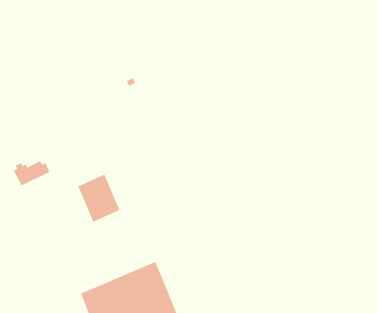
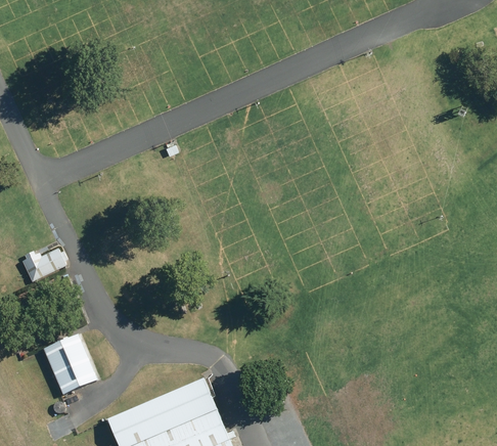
building: [77,174,120,222] -> [41,332,95,394]

